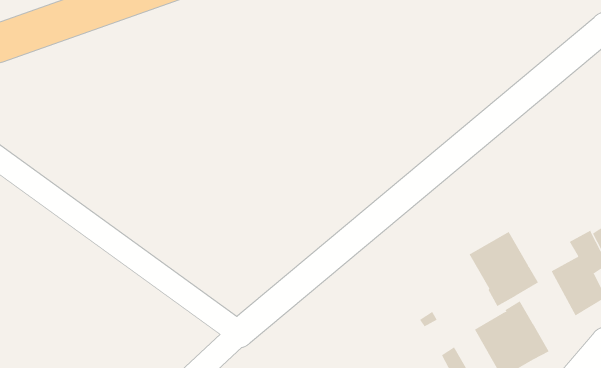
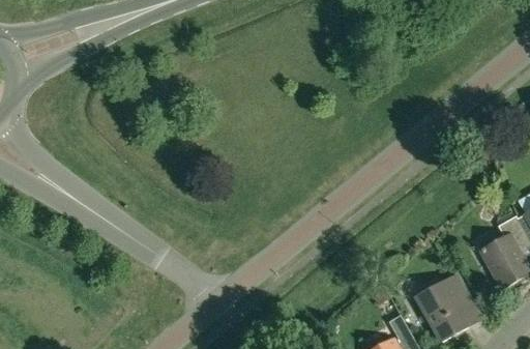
building: [469,231,539,307] -> none

